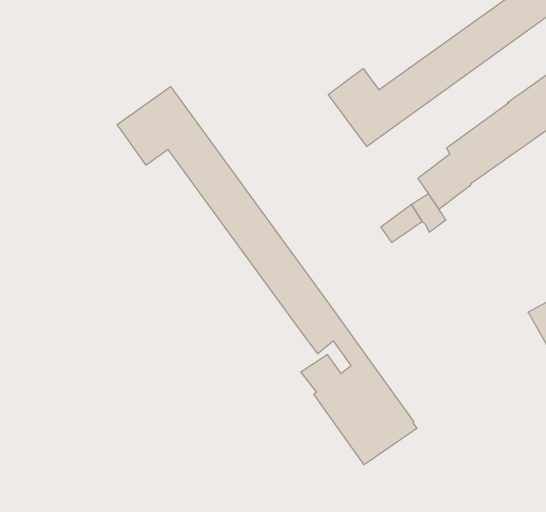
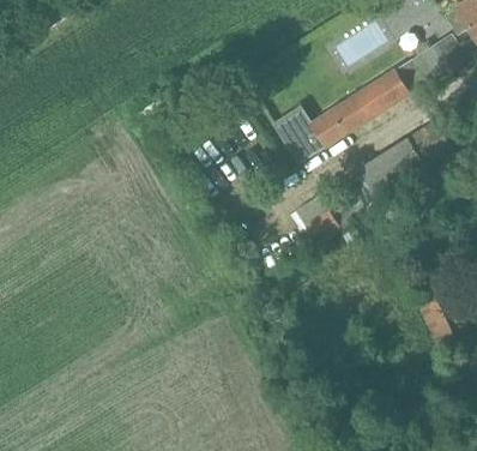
building: [117,87,417,465] -> none

